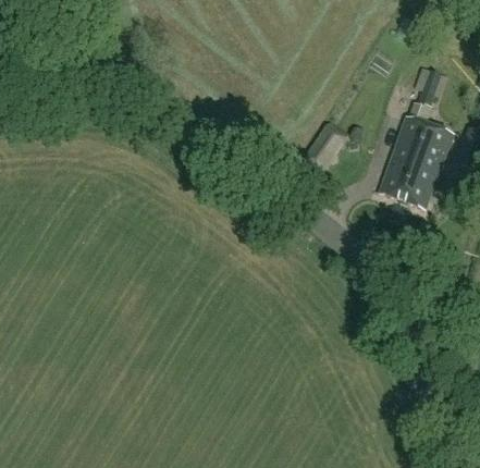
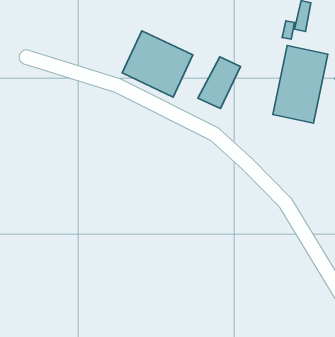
building: none -> [122,31,193,97]

